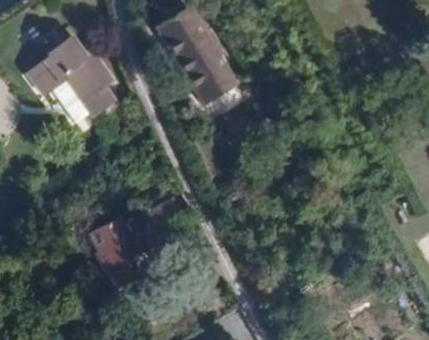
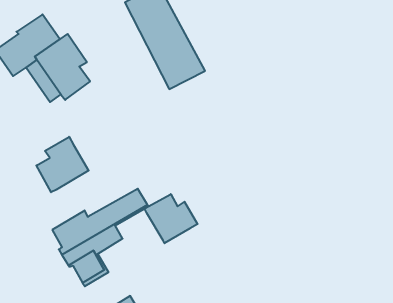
building: none -> [36,137,89,192]
building: none -> [145,194,198,243]

